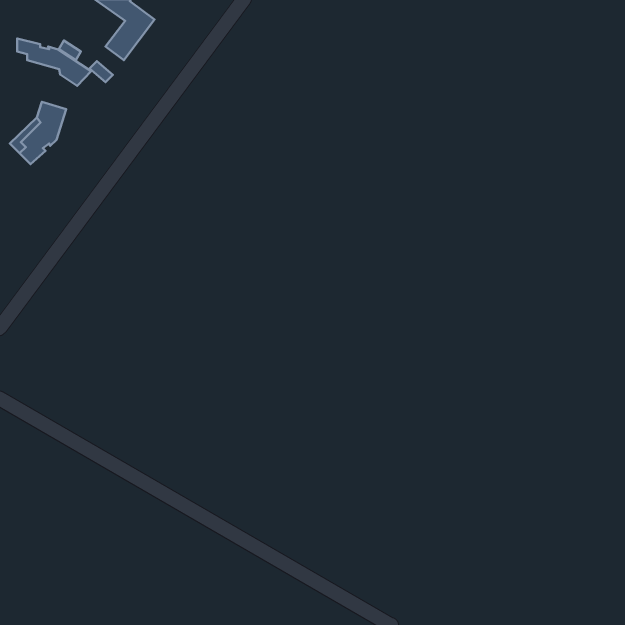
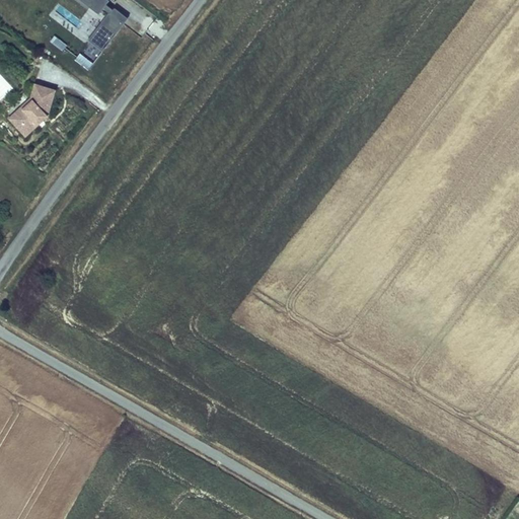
building: [17,38,91,86] -> none

